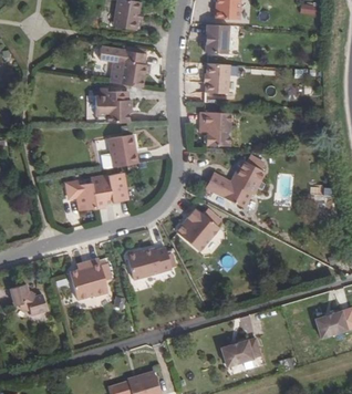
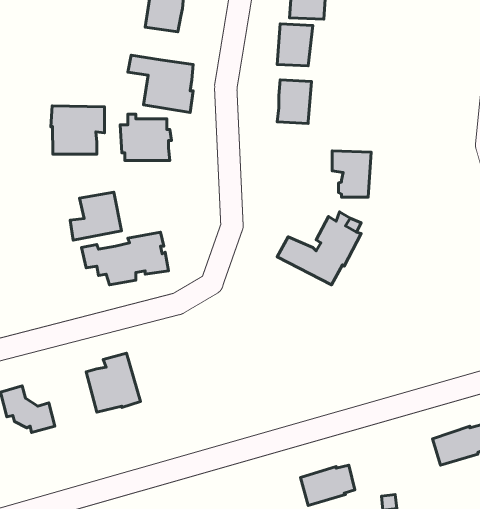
building: none -> [51,106,105,154]
building: [200,113,228,146] -> [332,151,371,197]
building: [101,134,137,168] -> [70,192,121,240]
building: [176,209,219,252] -> none
building: [126,247,172,279] -> none

